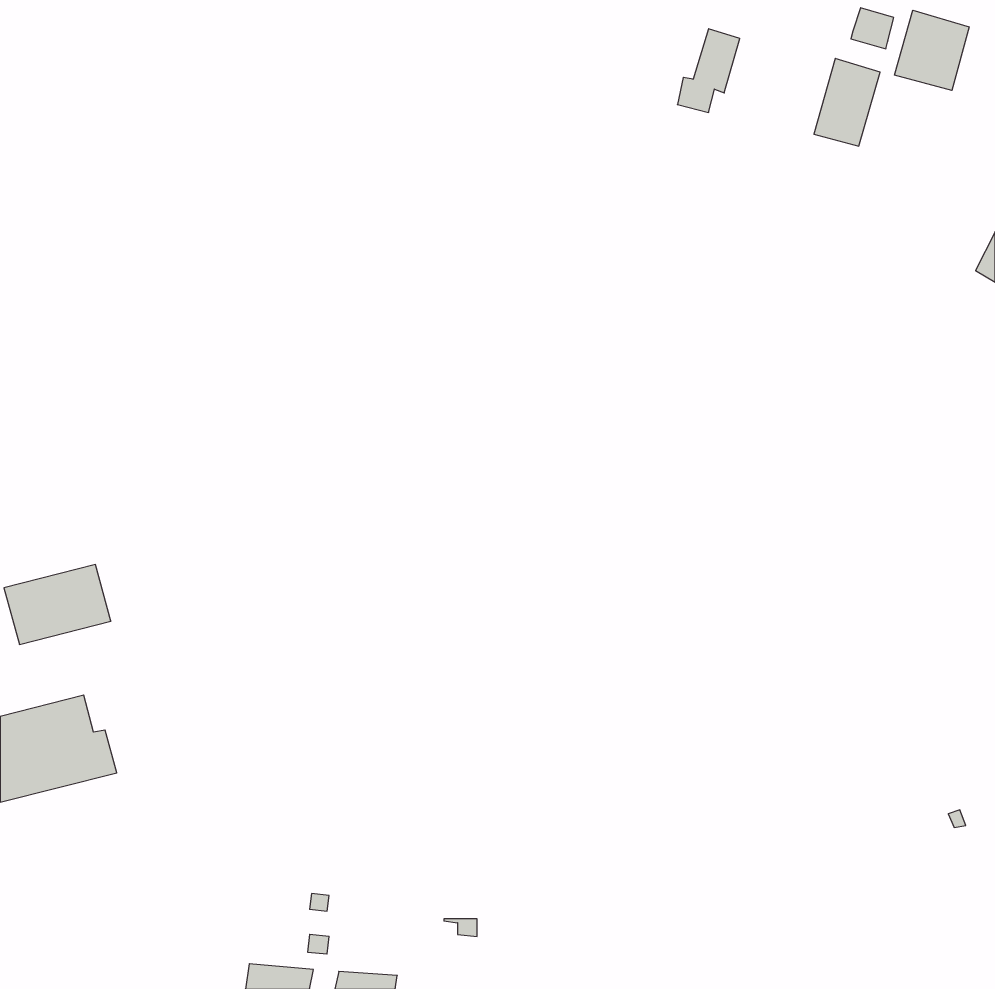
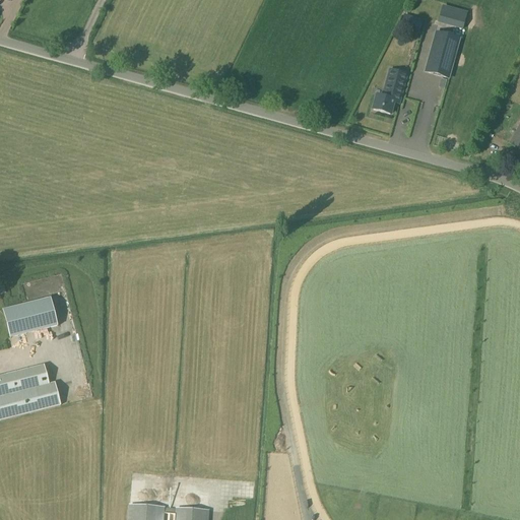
building: [895,10,969,90] -> none
building: [677,29,740,112] -> [374,68,406,112]

